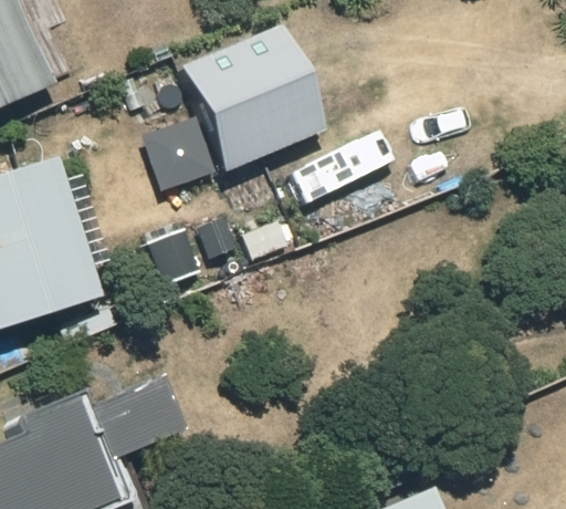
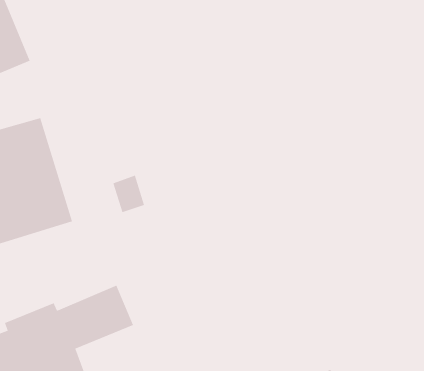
building: [182,23,329,174] -> none

